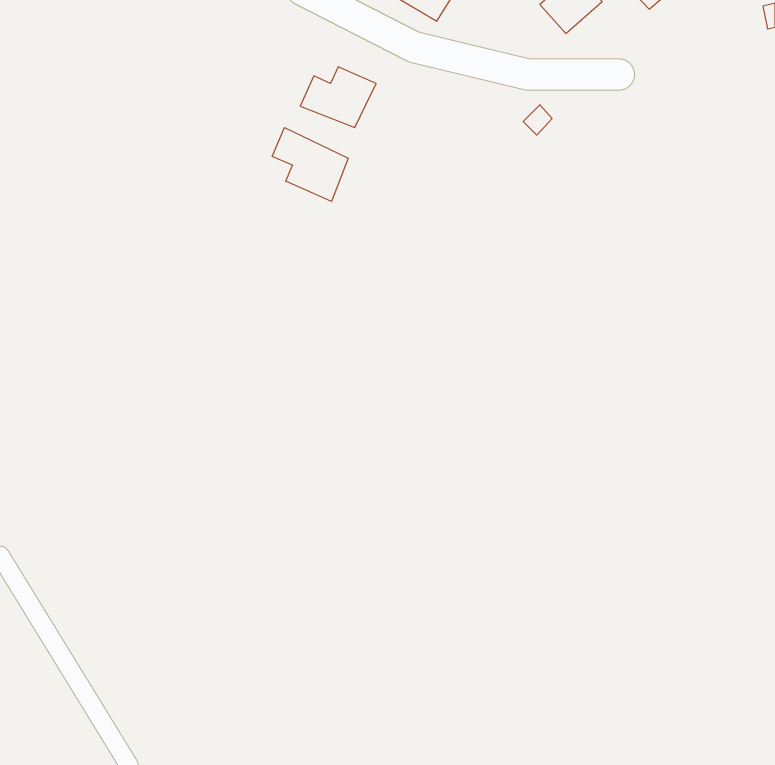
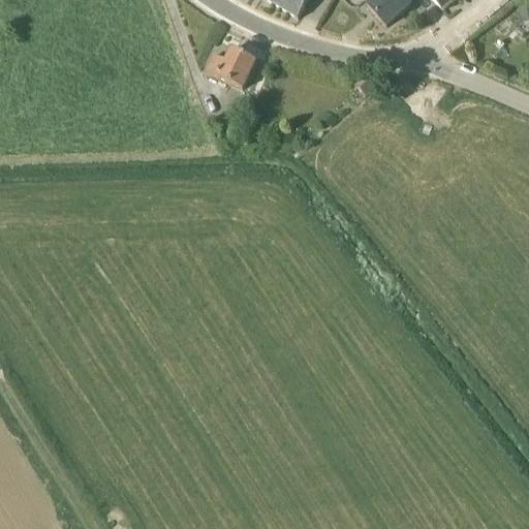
building: [272,128,348,201] -> none

